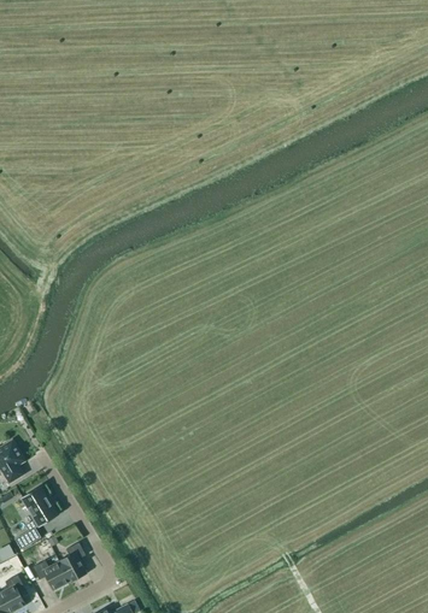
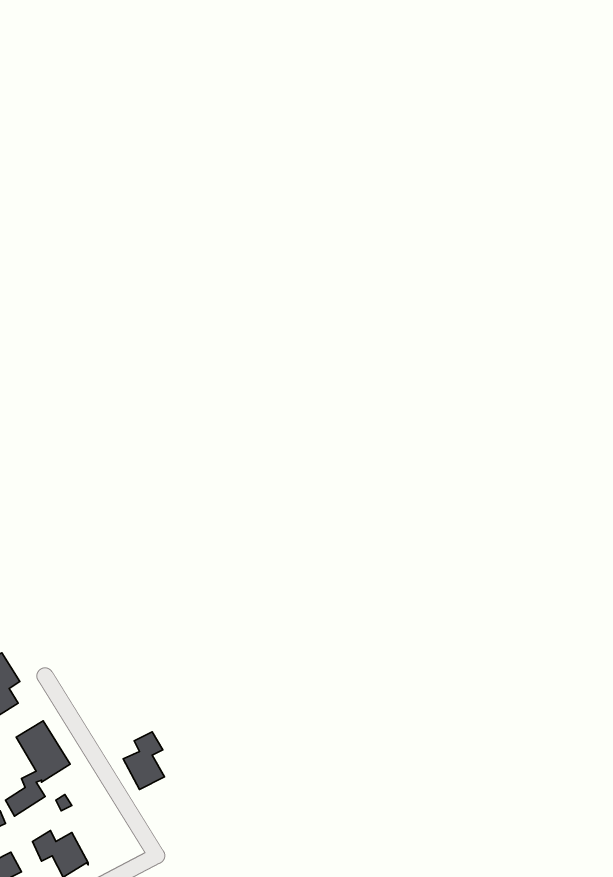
building: [59,542,87,580] -> [123,732,165,789]

